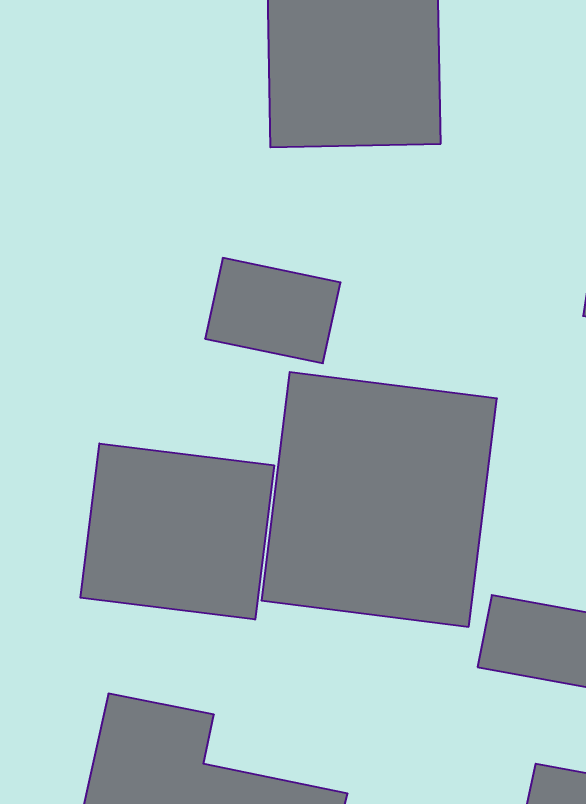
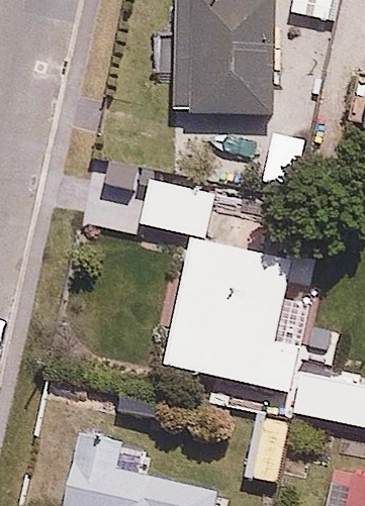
building: [80,443,274,620] -> none

